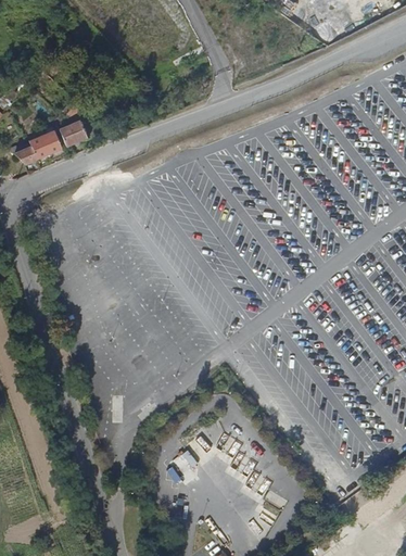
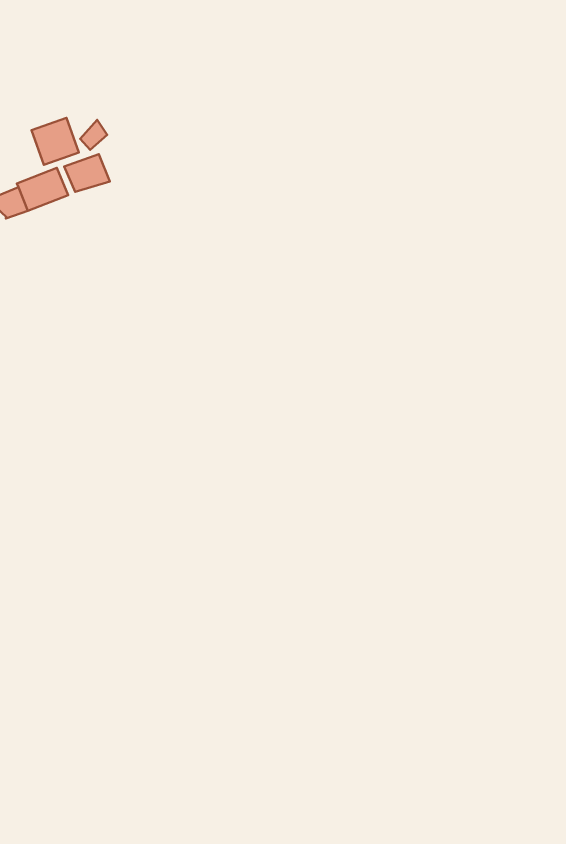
building: none -> [32,118,79,165]

